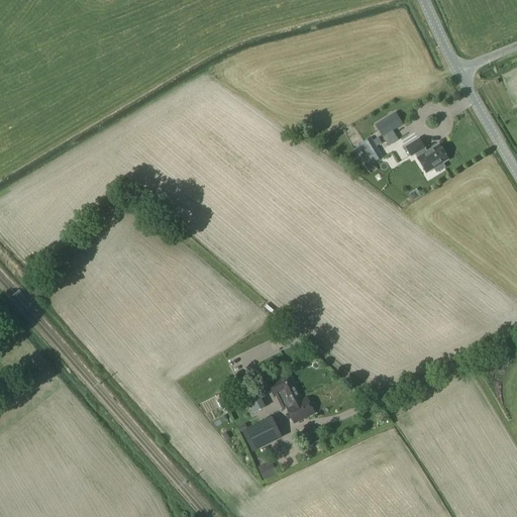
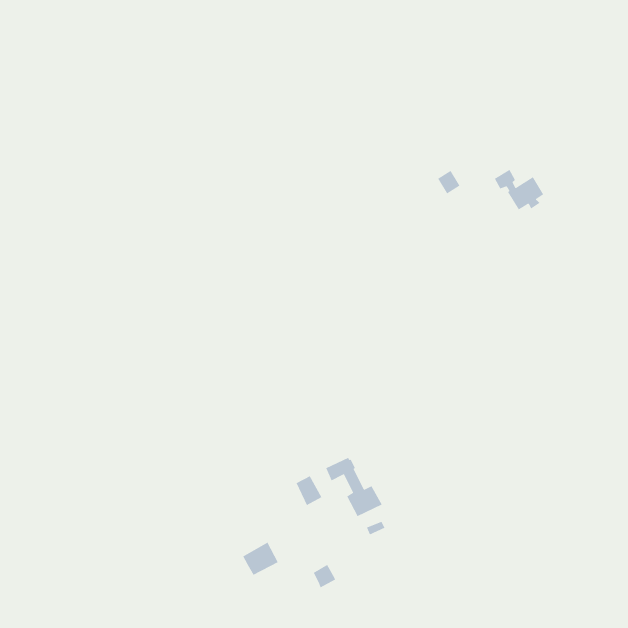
building: [377,108,402,140] -> none
building: [248,419,279,447] -> [242,541,279,576]

